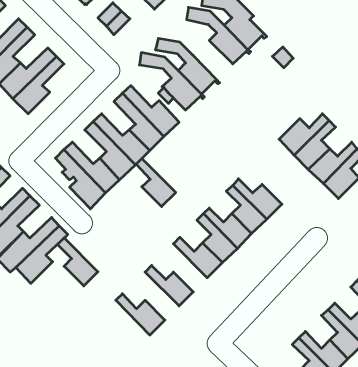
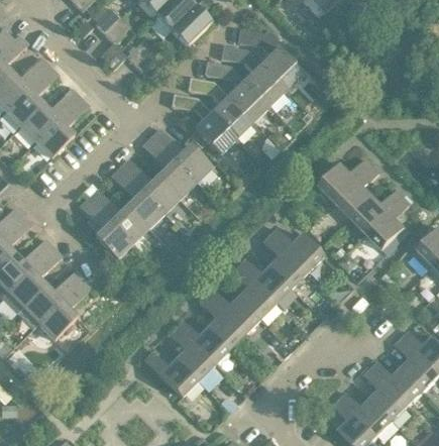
building: none -> [204,61,271,122]
building: [136,159,176,207] -> [200,298,242,349]
building: [57,238,98,286] -> [169,328,212,379]

